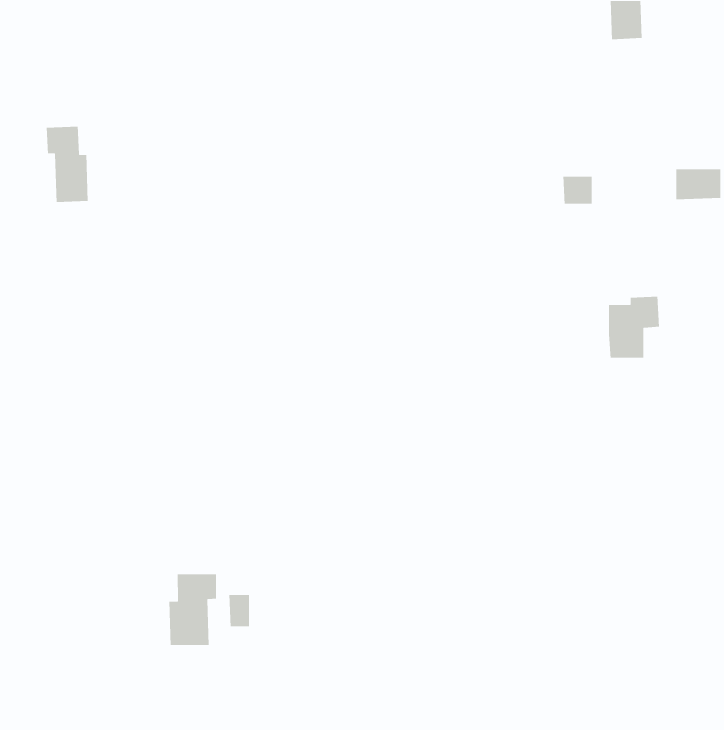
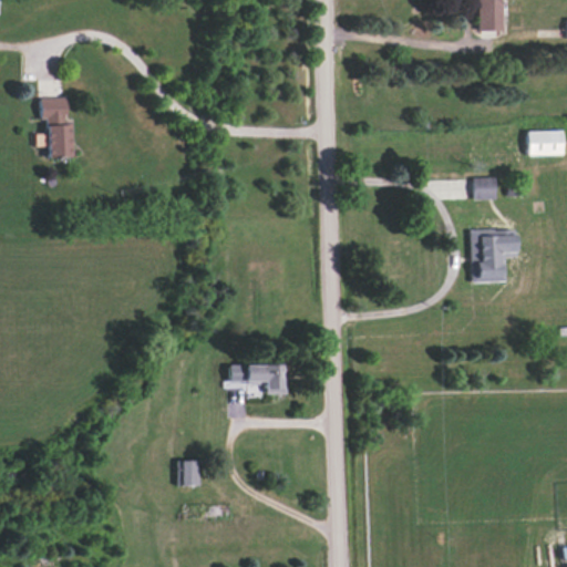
building: [563,176,593,205] -> [473,177,496,199]
building: none -> [229,364,286,393]
building: [168,574,217,646] -> none

